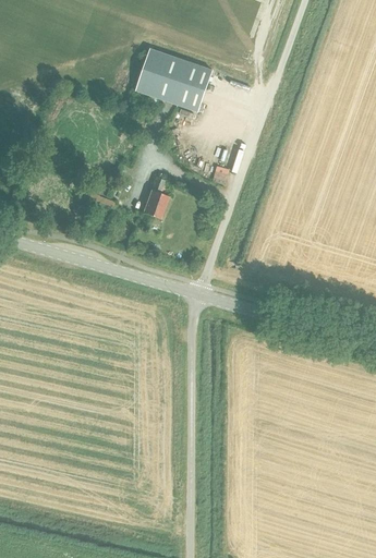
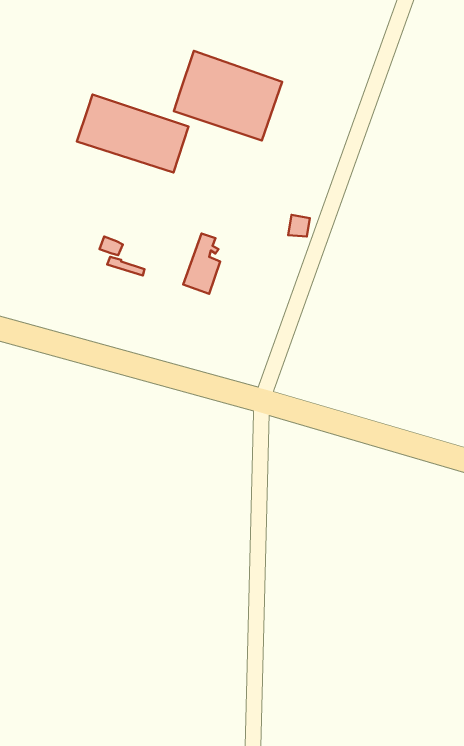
building: none -> [77,94,188,173]

